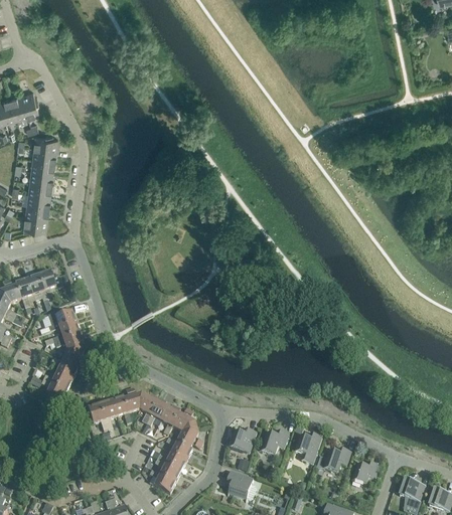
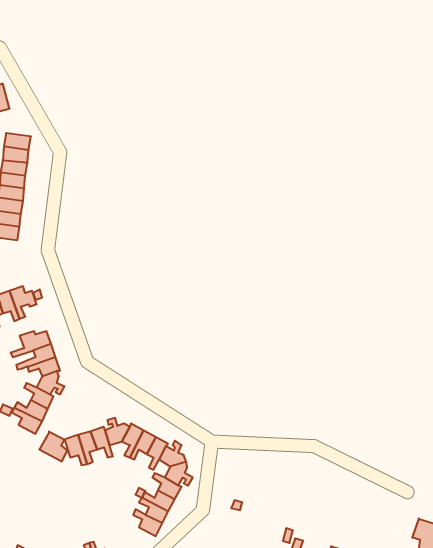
building: none -> [39,431,67,462]
building: [229,427,256,453] -> none
building: [260,430,288,454] -> none
building: [294,433,321,463] -> none
building: [316,447,350,472] -> none
building: [351,461,379,484] -> none
building: [225,470,253,498] -> none

